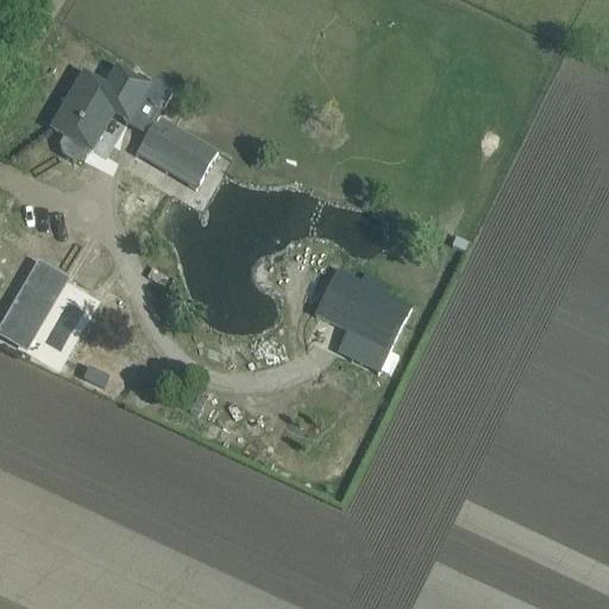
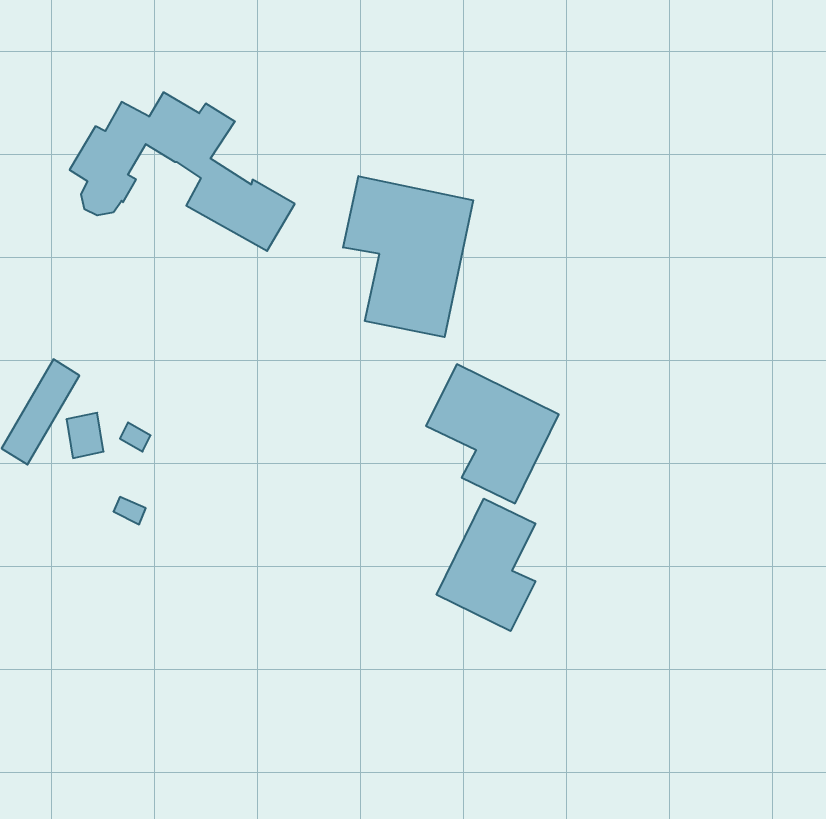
building: none -> [343,176,473,337]
building: none -> [437,499,535,631]

